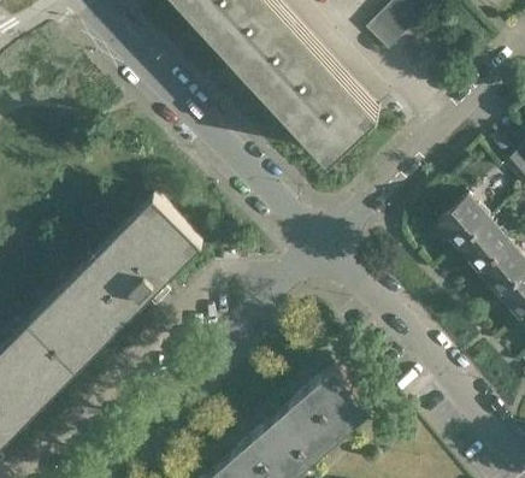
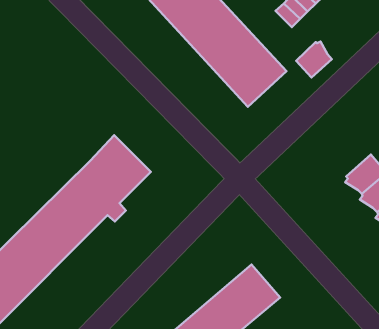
building: none -> [296,41,332,78]
building: [435,196,490,250] -> none

